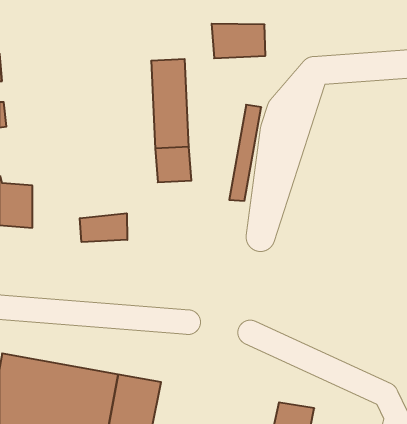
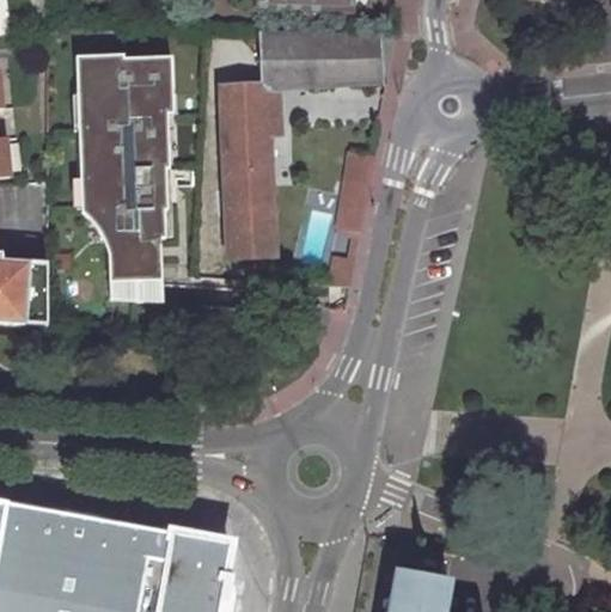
building: none -> [262,36,307,86]
building: none -> [75,51,175,302]
building: [80,213,127,242] -> none

